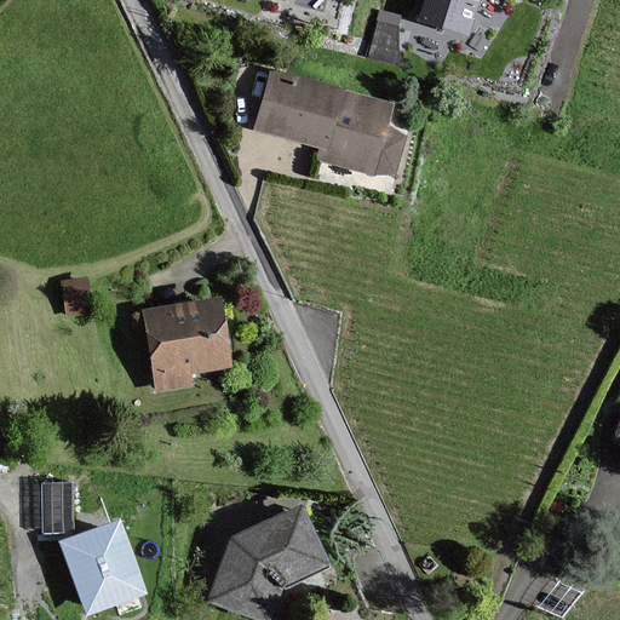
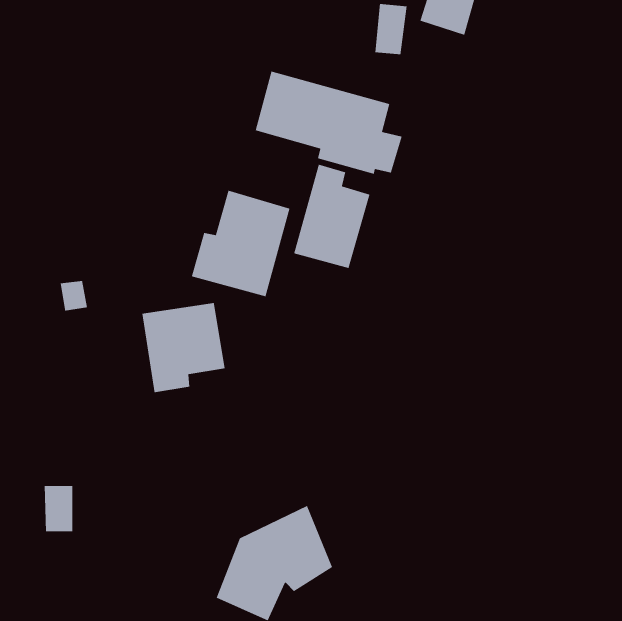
building: none -> [294,164,370,269]
building: none -> [191,190,290,297]
building: [63,521,145,610] -> none

